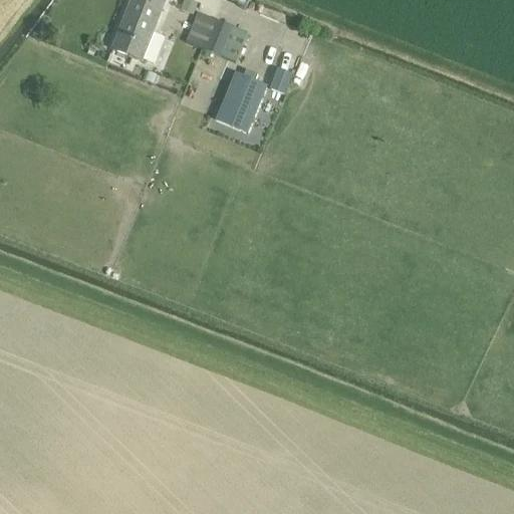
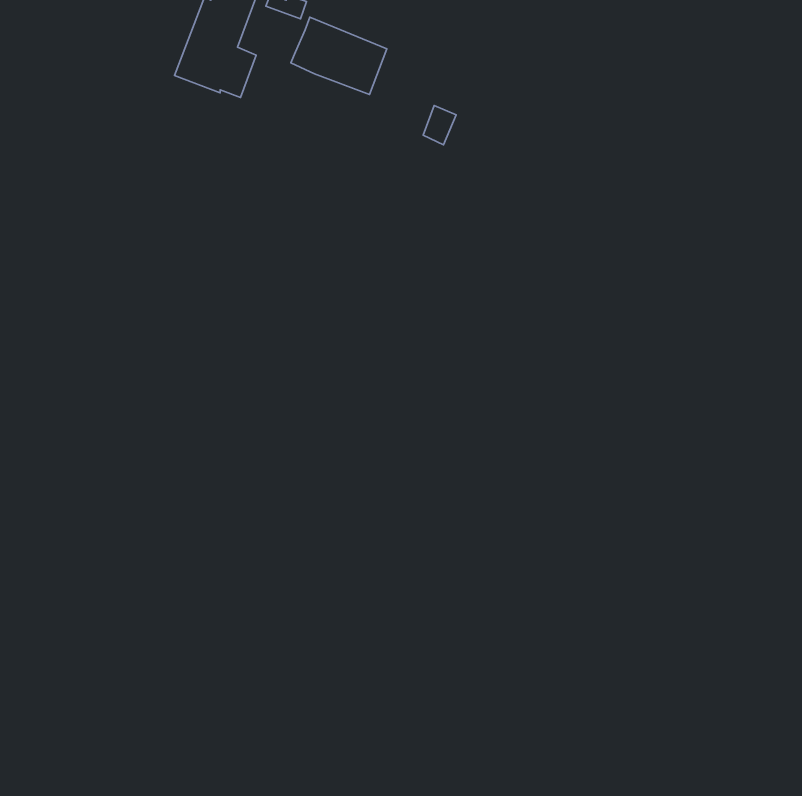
building: [216,72,265,131] -> none

